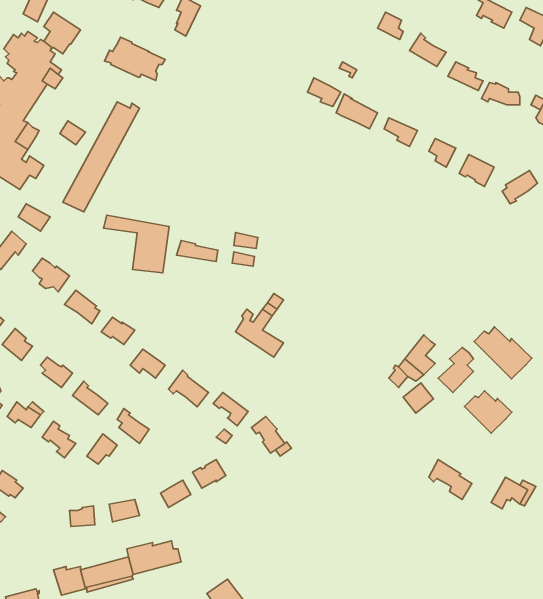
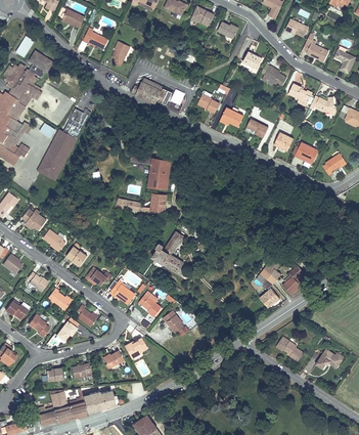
building: [105,37,165,80] -> [132,77,171,104]
building: [104,215,169,273] -> [129,153,171,189]
building: [474,327,532,379] -> none
building: [465,391,512,433] -> none

